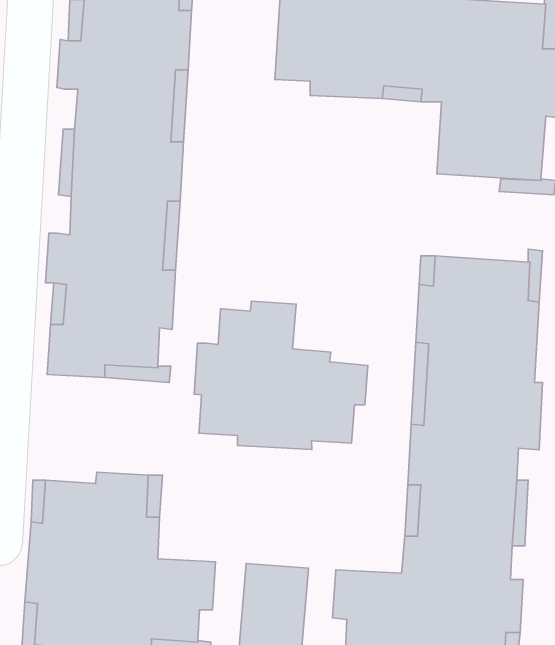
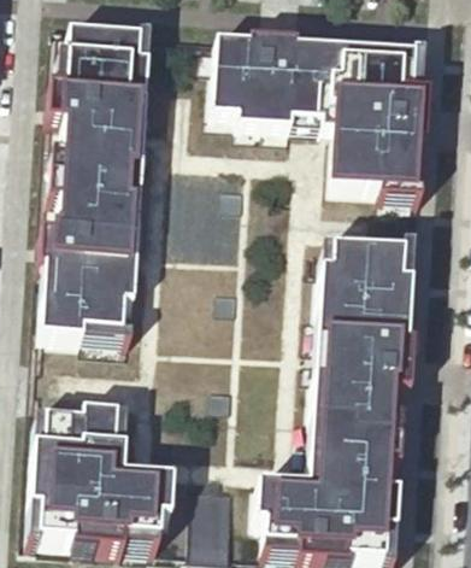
building: [194,301,368,450] -> none

